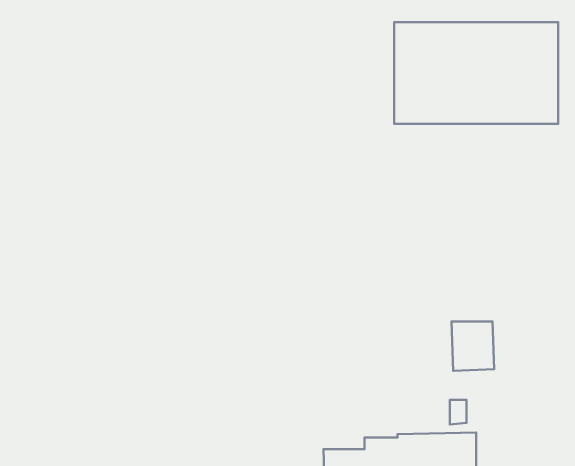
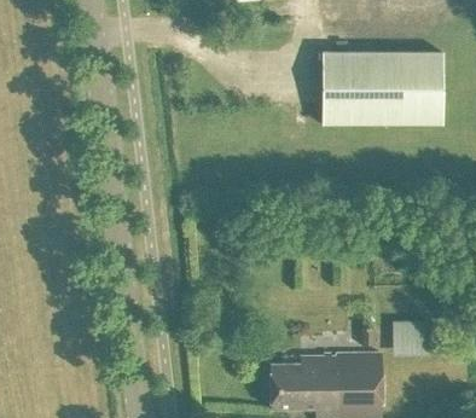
building: [451,321,494,371] -> [387,320,418,356]

